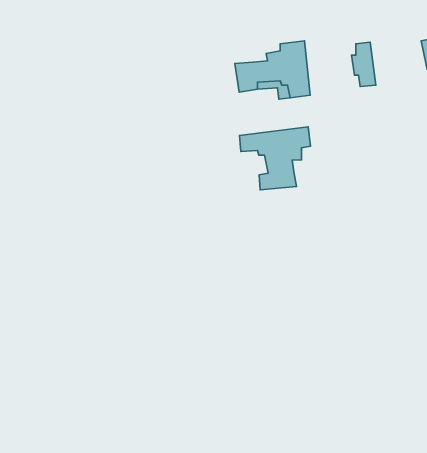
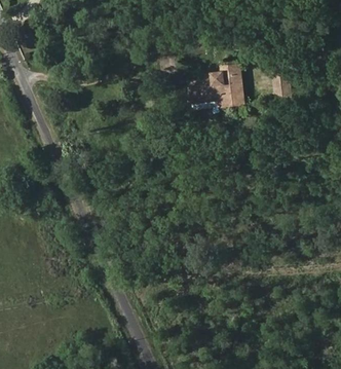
building: [239,127,310,190] -> none

